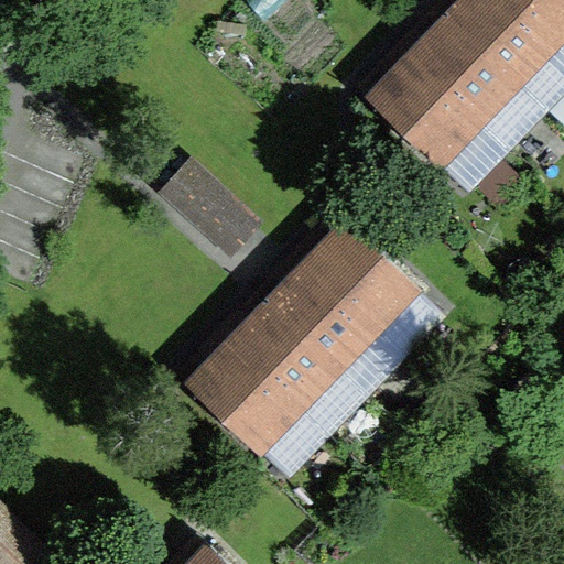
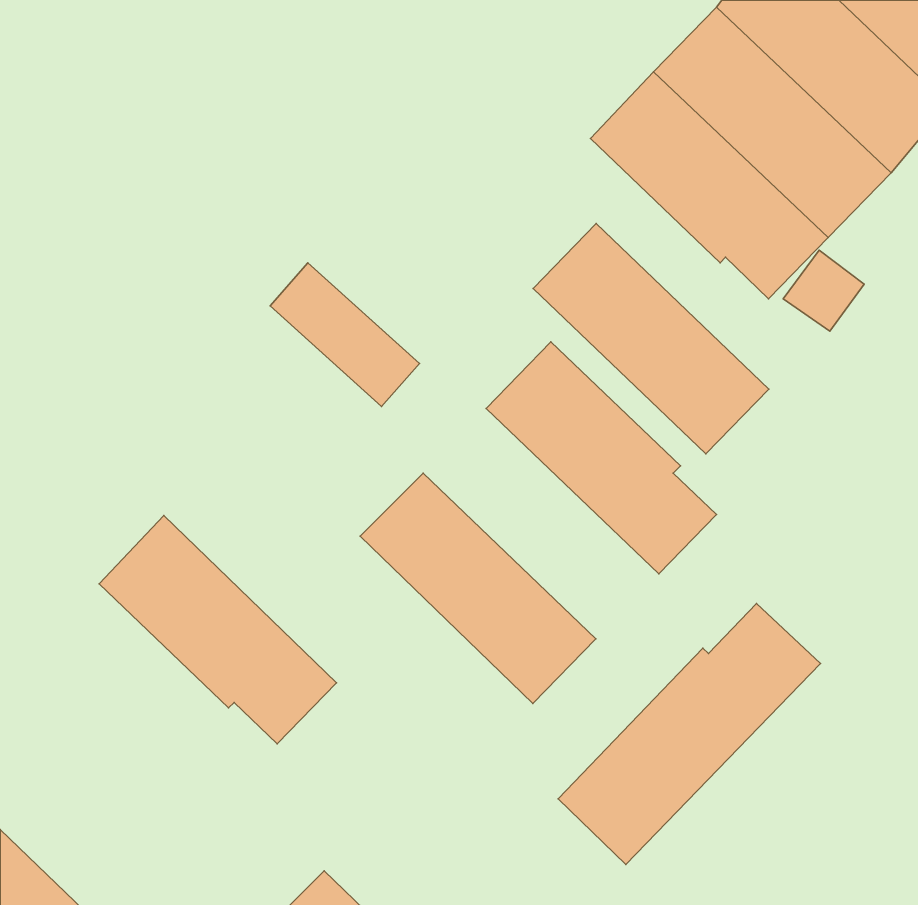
building: [260,259,404,400] -> [533,224,769,454]
building: [182,337,327,477] -> [99,515,337,744]
building: none -> [558,603,820,864]

